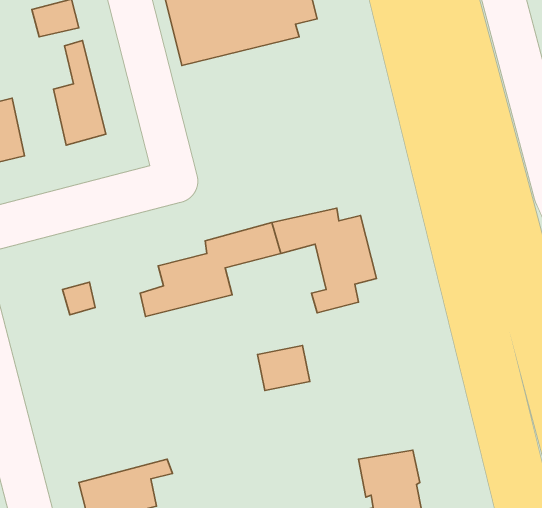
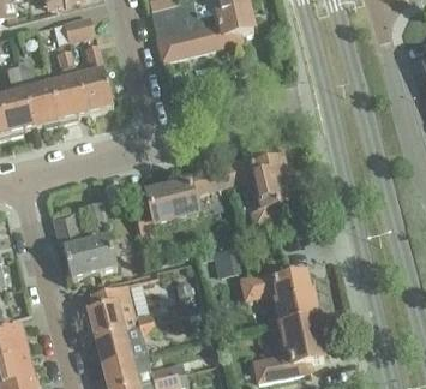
building: none -> [49,49,85,120]
building: none -> [50,211,115,279]
building: none -> [240,270,316,322]
building: none -> [86,283,152,337]

